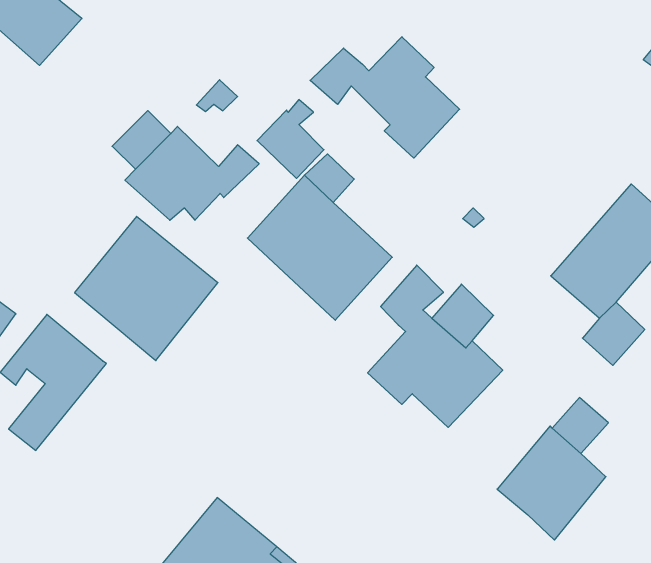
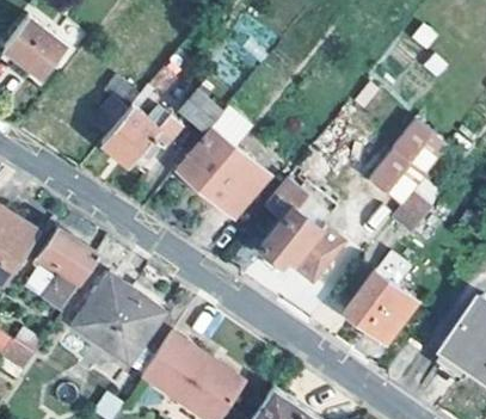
building: [310,37,460,158] -> none
building: [75,216,218,361] -> [74,276,162,364]

